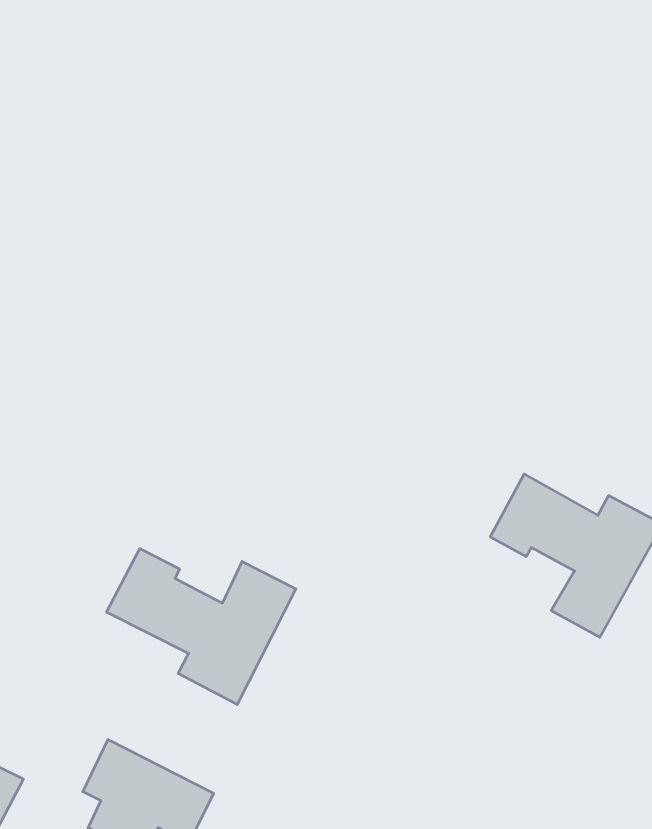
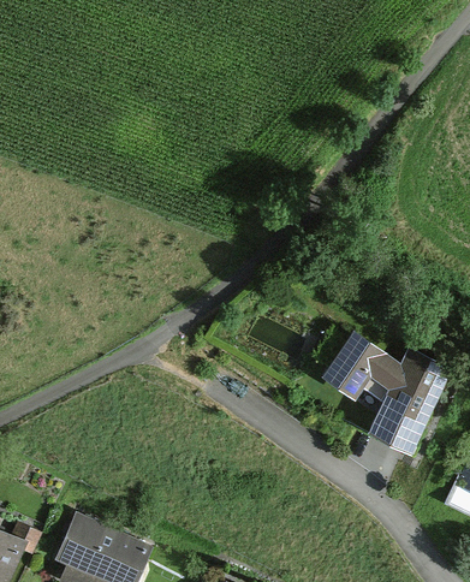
building: [107,549,296,705] -> none

